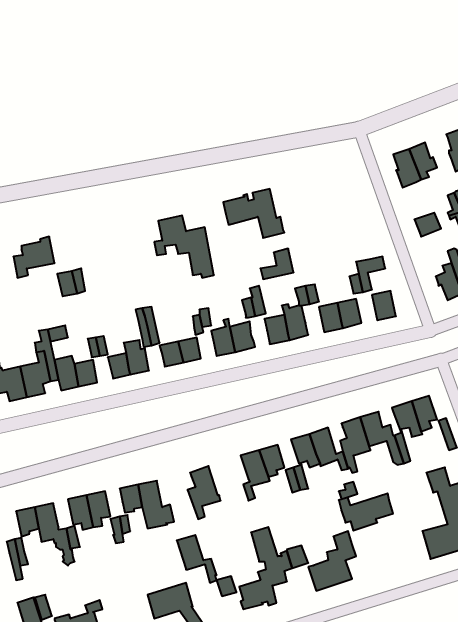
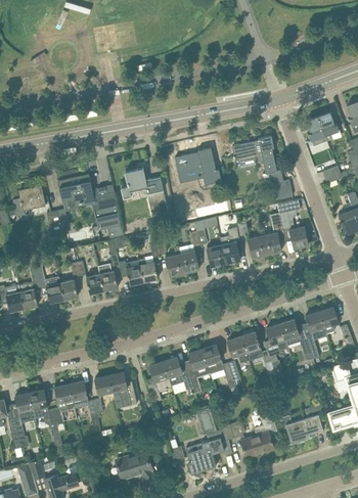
building: none -> [232,136,293,200]
building: none -> [58,174,123,238]
building: [339,493,393,531] -> [280,414,322,443]
building: [177,535,217,583] -> [164,357,194,394]

